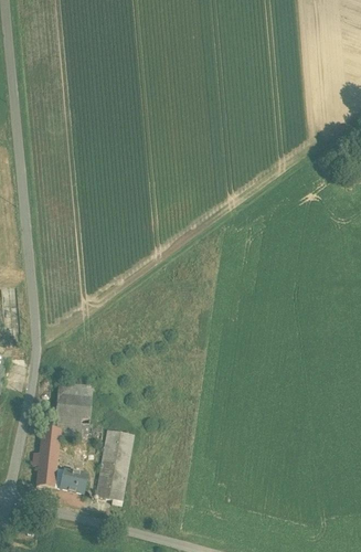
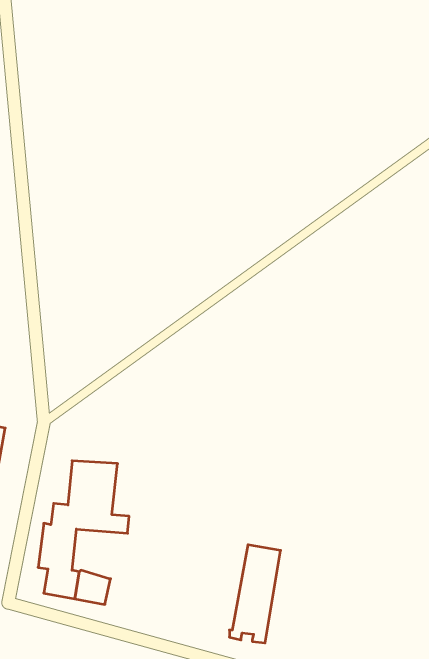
building: [93,429,132,506] -> [229,545,281,643]

